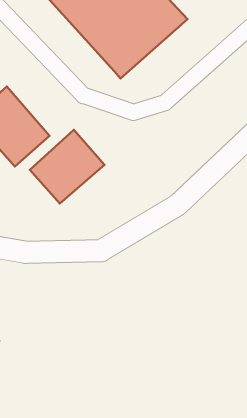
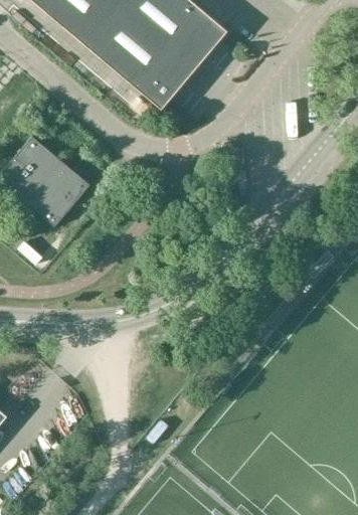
building: [30,130,104,204] -> none

